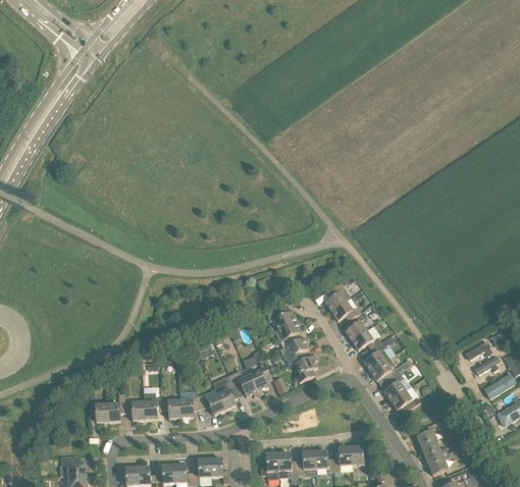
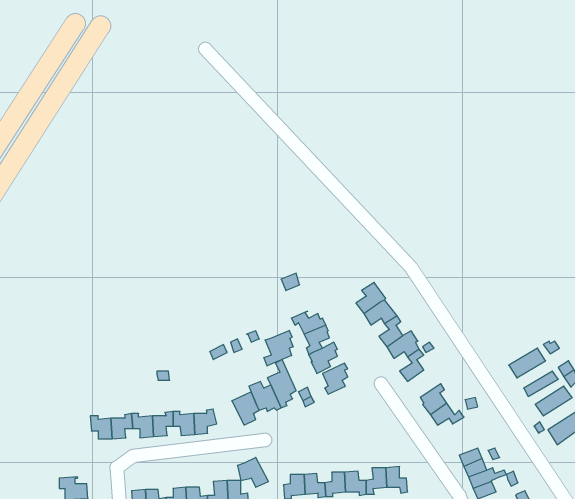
building: none -> [264,330,293,366]
building: [370,357,400,384] -> none
building: [198,387,225,414] -> [237,457,268,487]

